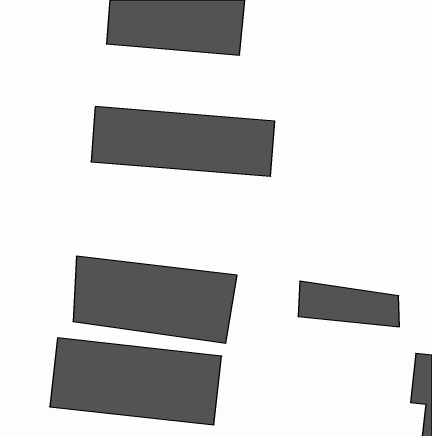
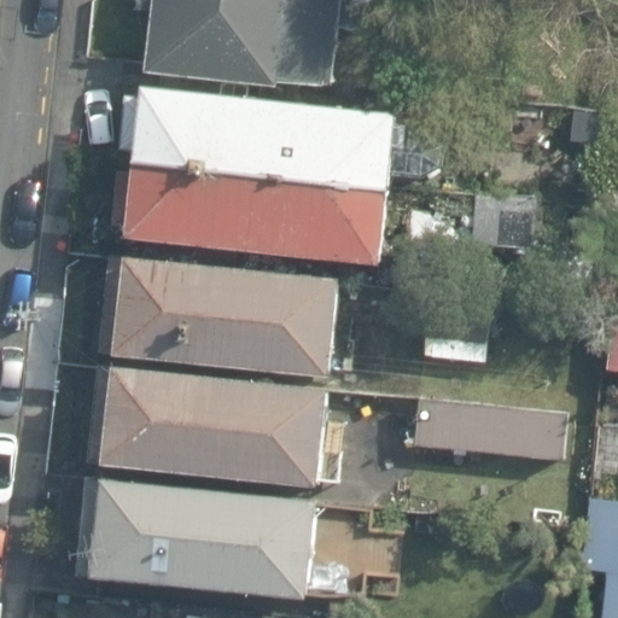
building: none -> [134,88,393,175]
building: none -> [111,255,336,374]

